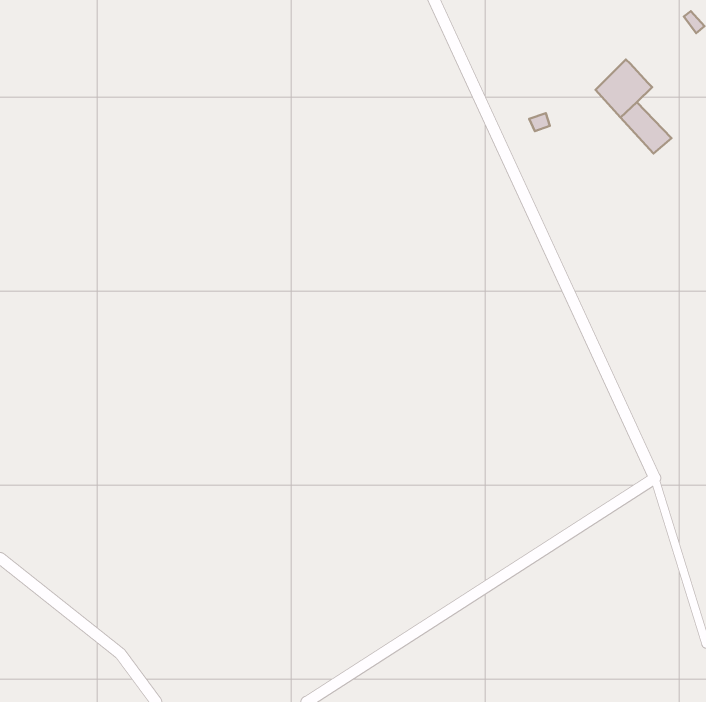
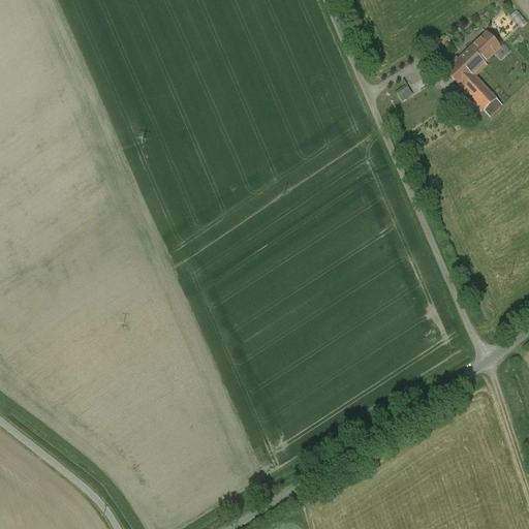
building: none -> [471,31,501,62]

